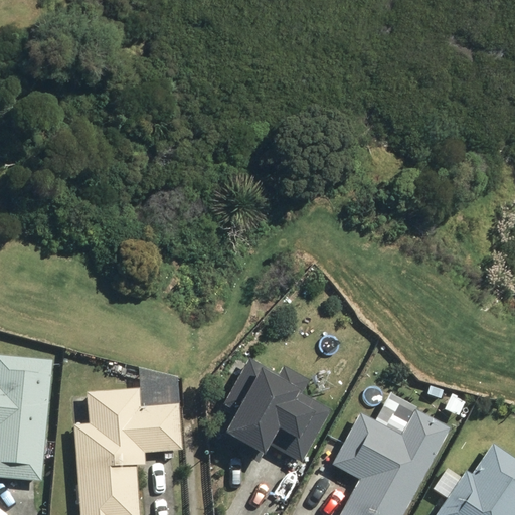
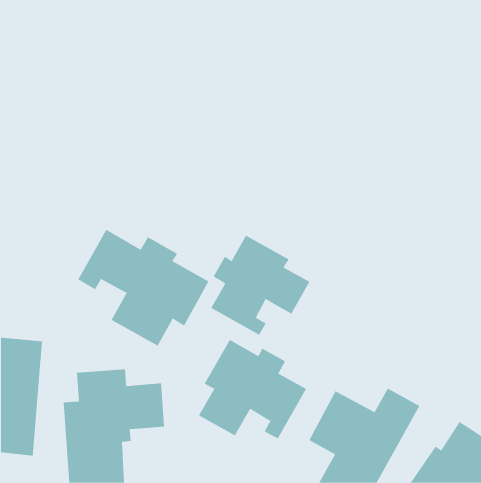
building: none -> [78,229,209,346]
building: none -> [210,235,310,335]

